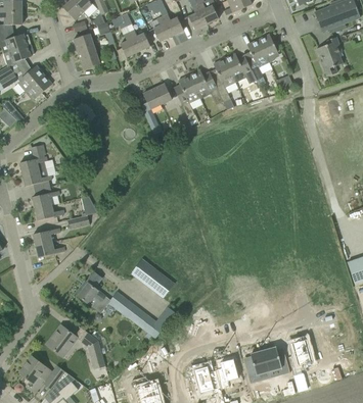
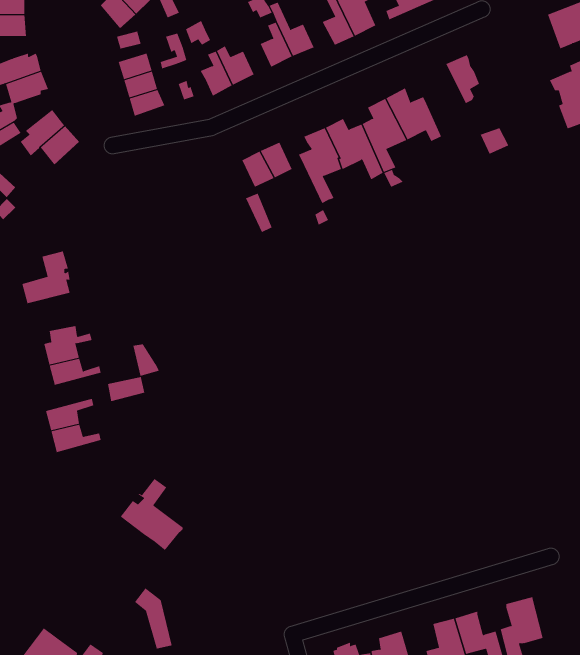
building: [246,39,269,80] -> none
building: [22,167,52,189] -> none
building: [130,258,175,298] -> none
building: [108,291,178,338] -> none
building: [46,324,78,356] -> none

